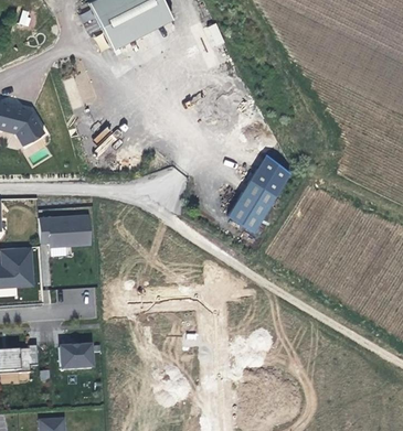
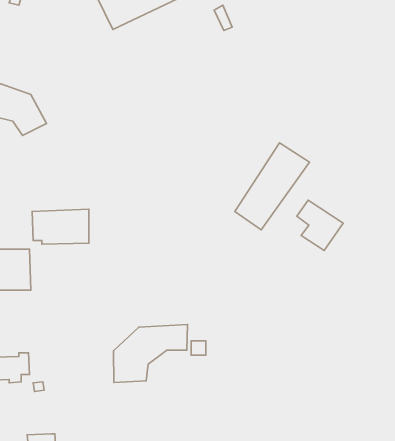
building: none -> [297,200,343,250]
building: none -> [114,324,188,383]
building: [60,345,93,369] -> none

